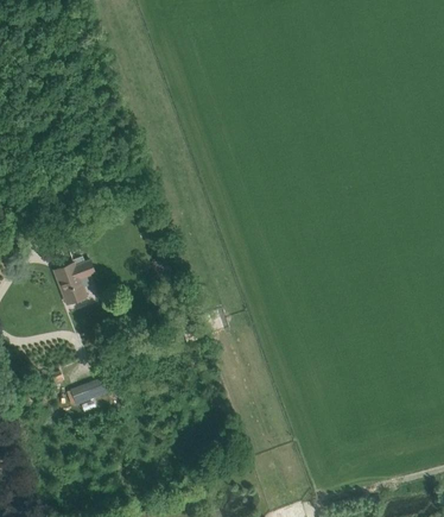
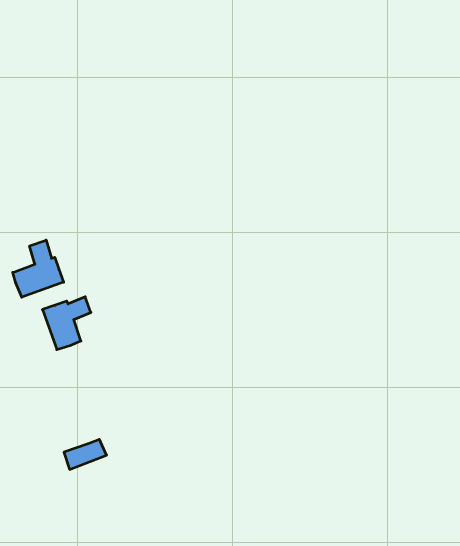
building: none -> [13,240,64,297]

